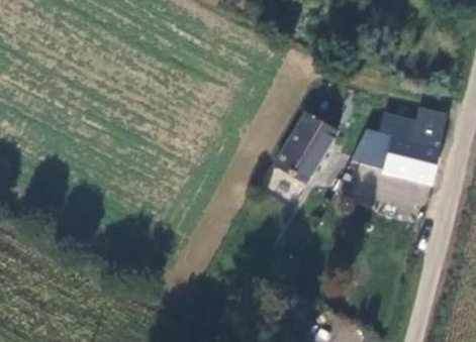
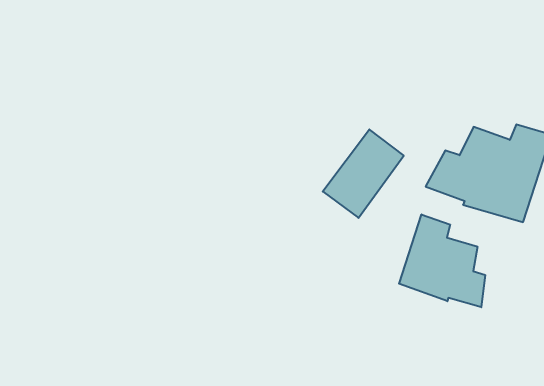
building: none -> [399,214,485,307]

